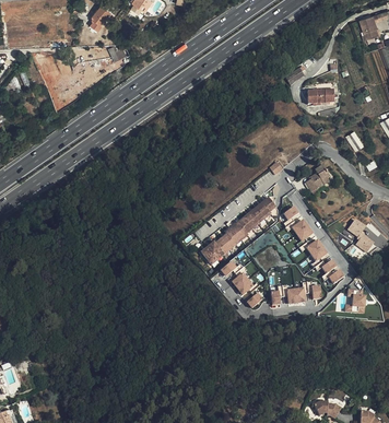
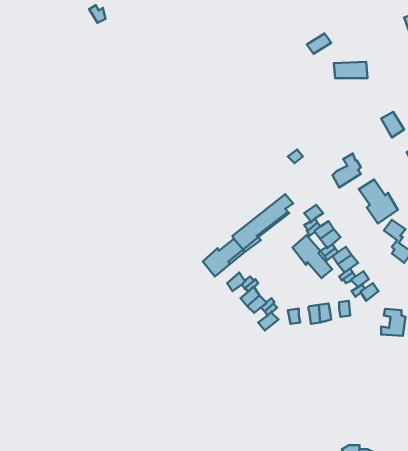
building: none -> [359,180,398,223]
building: none -> [292,235,332,278]

